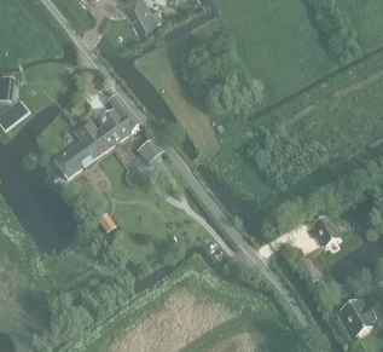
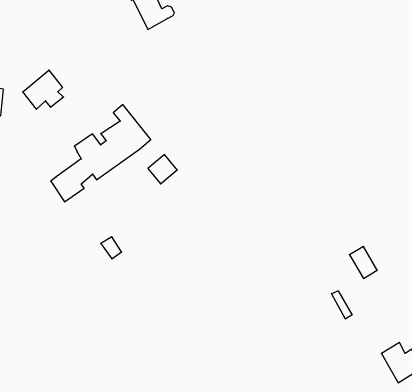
building: none -> [23,70,64,109]

